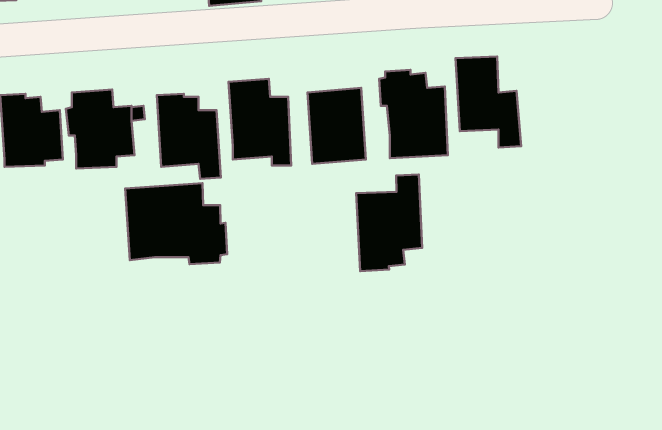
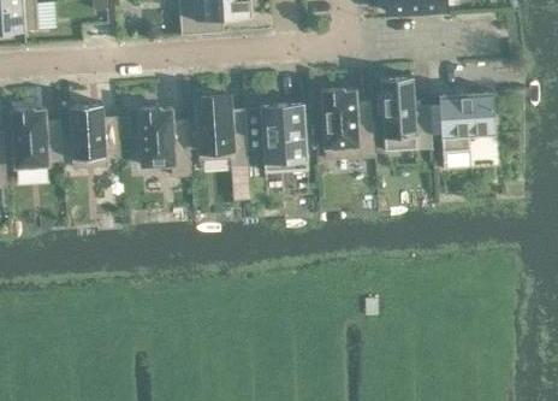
building: none -> [437,92,494,153]
building: [356,174,422,271] -> none
building: [125,183,227,264] -> none

